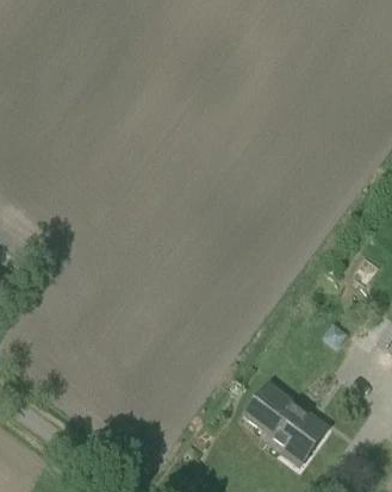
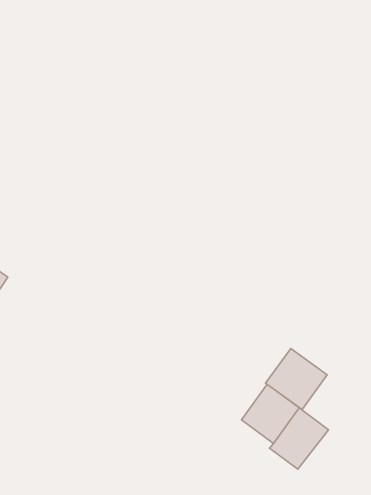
building: none -> [266,348,327,409]

